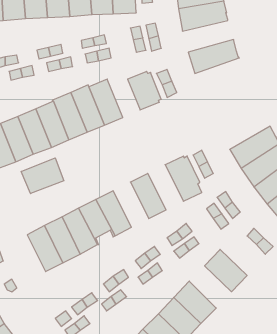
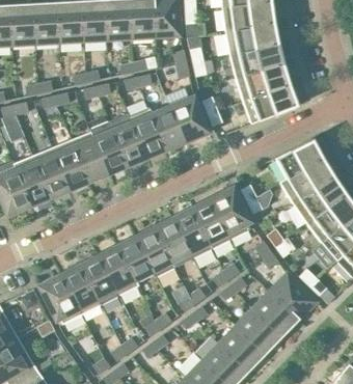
building: none -> [228,45,283,79]
building: none -> [242,85,297,126]
building: none -> [147,108,183,149]
building: none -> [274,139,323,184]
building: [21,158,64,194] -> none
building: none -> [191,200,229,249]
building: none -> [154,219,192,268]
building: none -> [269,274,315,320]
building: none -> [39,276,81,325]
building: none -> [236,309,281,355]

